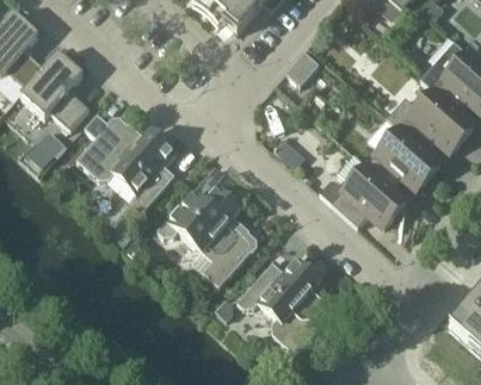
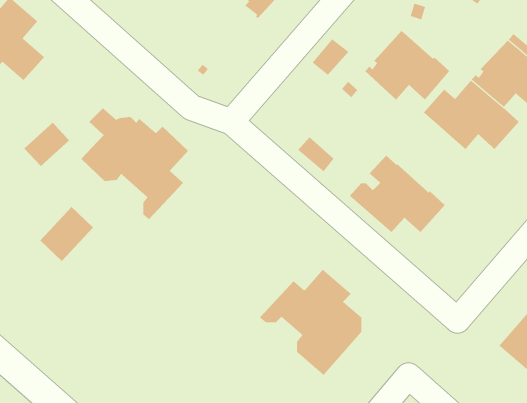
building: [19,52,90,129] -> none
building: [362,125,439,188] -> [364,30,450,100]
building: [156,186,252,285] -> none
building: none -> [39,206,94,262]

